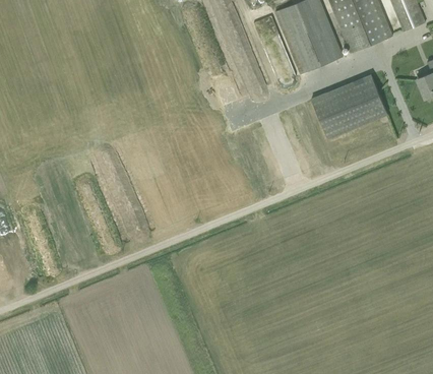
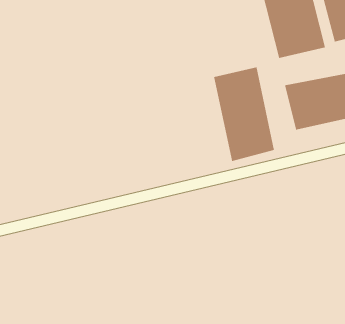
building: none -> [213,66,274,162]

